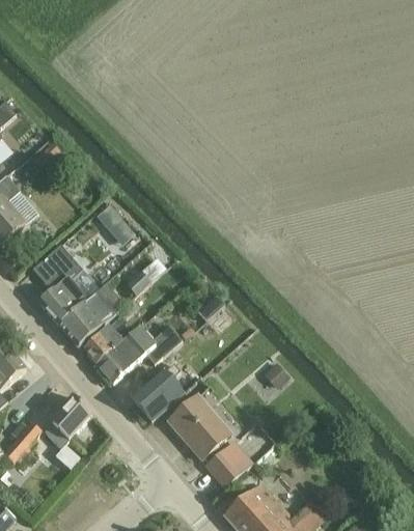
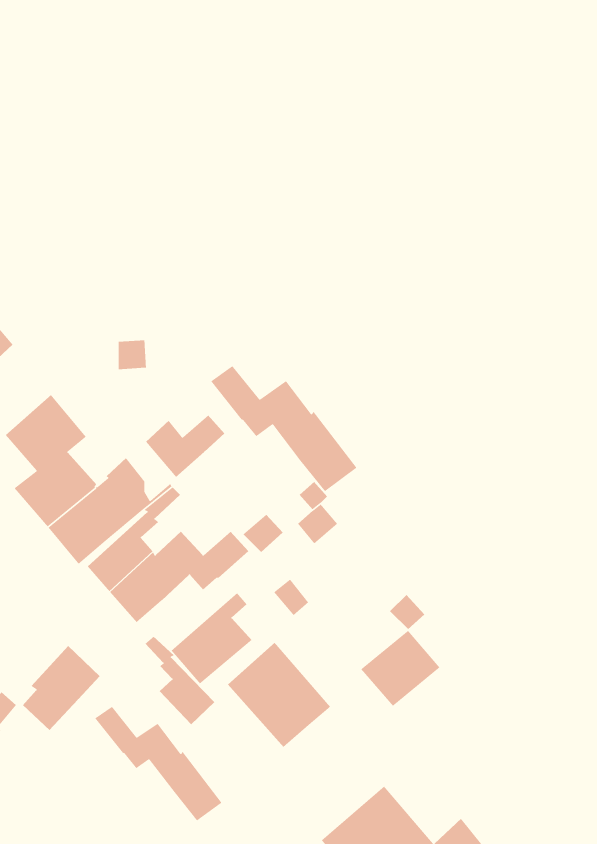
building: none -> [210,365,358,492]
building: none -> [144,636,215,725]
building: none -> [94,706,223,821]
building: [205,440,254,486] -> [360,630,441,707]

